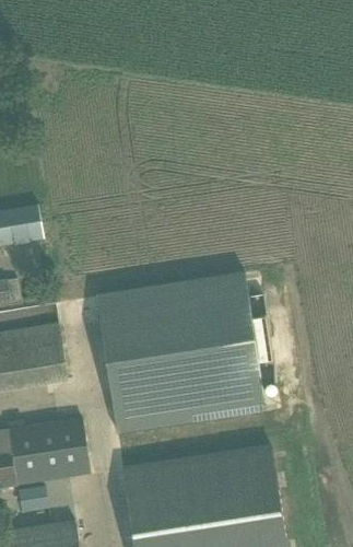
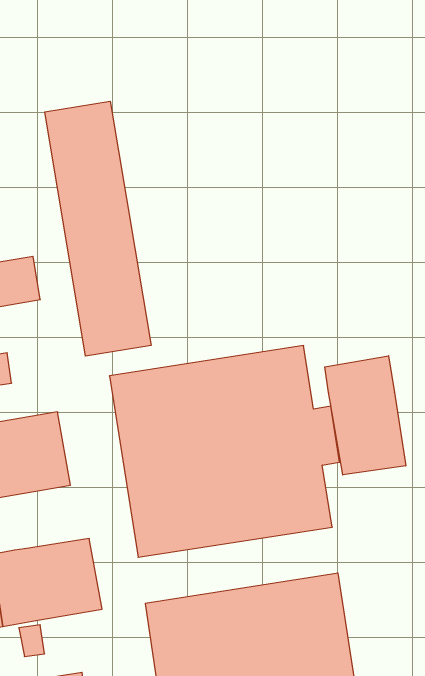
building: none -> [45,101,151,356]
building: none -> [325,356,406,475]

